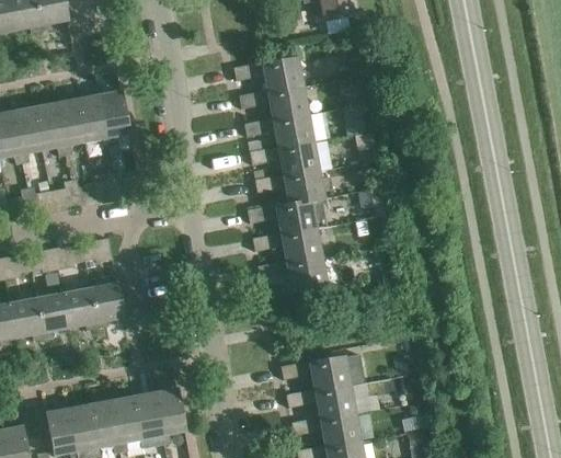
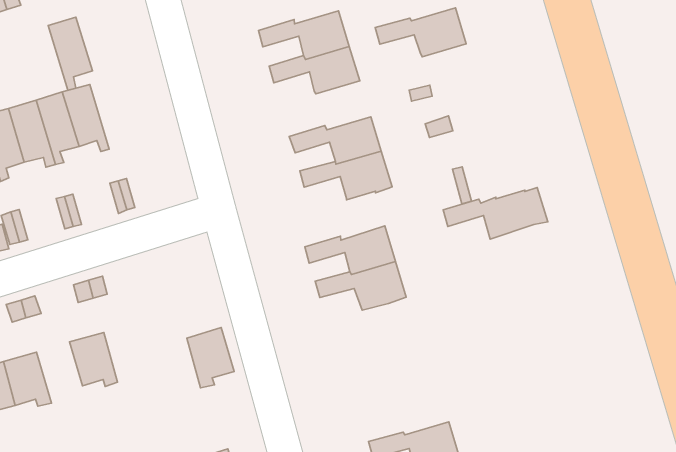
building: [100,90,130,146] -> [48,17,93,90]
building: [245,113,314,148] -> [375,8,466,57]
building: [248,198,328,234] -> [443,187,548,239]
building: [91,282,125,327] -> [187,327,234,388]
building: [37,291,70,337] -> none
building: [282,355,351,390] -> none

